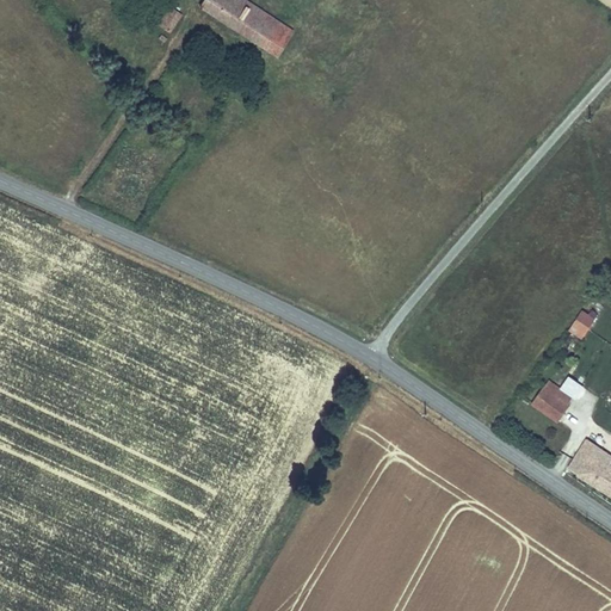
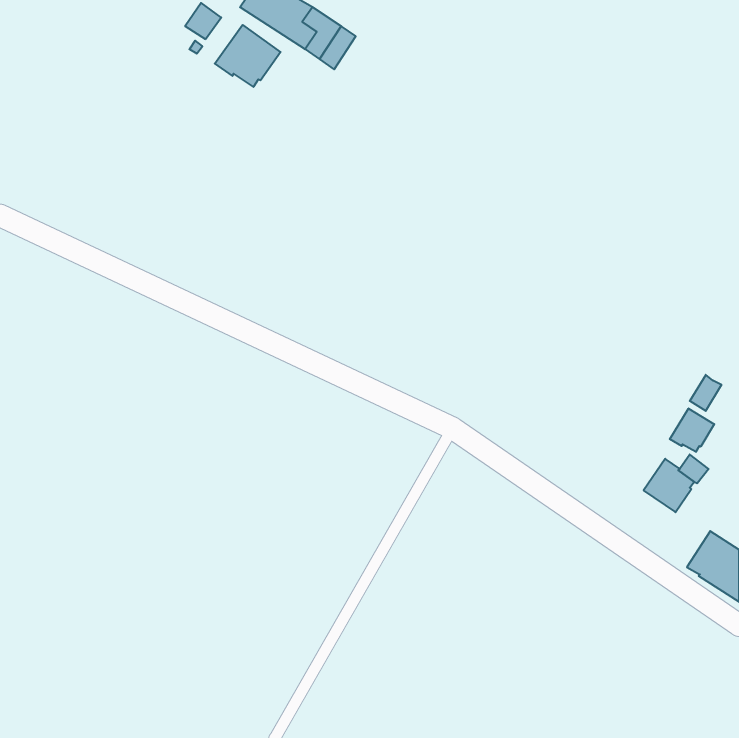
building: none -> [215,25,281,87]
building: none -> [670,408,714,452]

